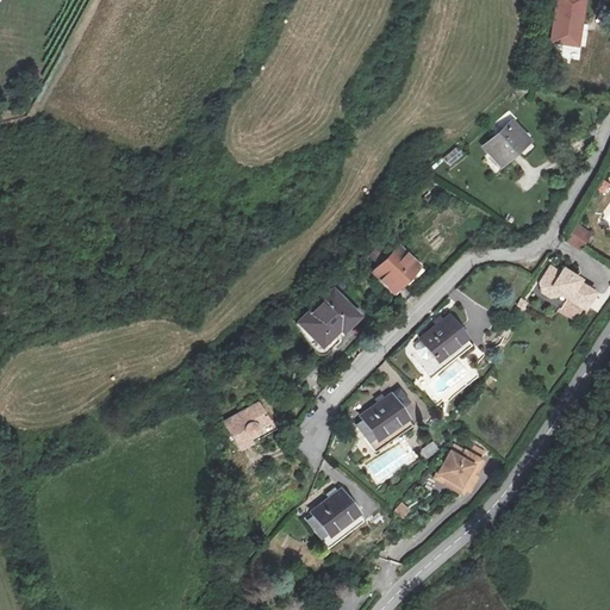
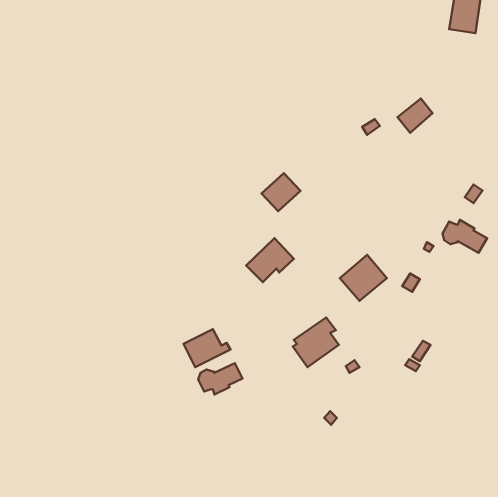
building: [374,247,422,293] -> [262,173,301,211]
building: none -> [198,363,243,395]
building: [438,449,483,493] -> none
building: [312,487,361,536] -> none

